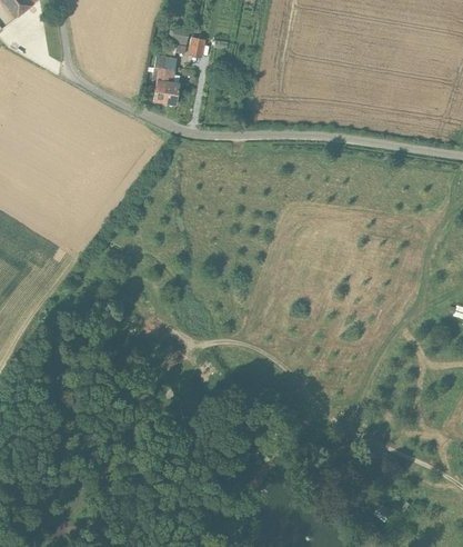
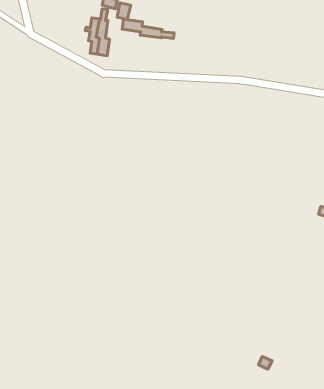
building: none -> [122,19,174,39]

